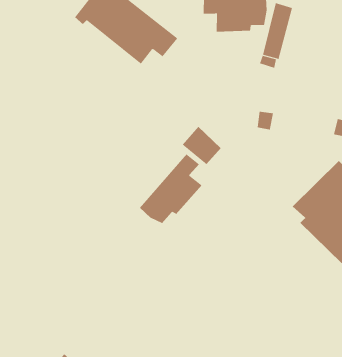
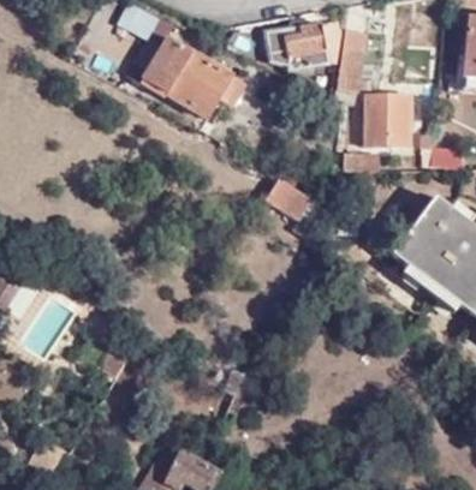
building: none -> [362,97,411,150]
building: [139,154,202,224] -> none

